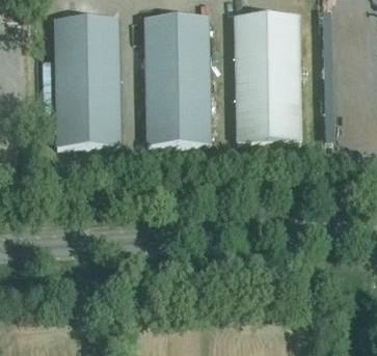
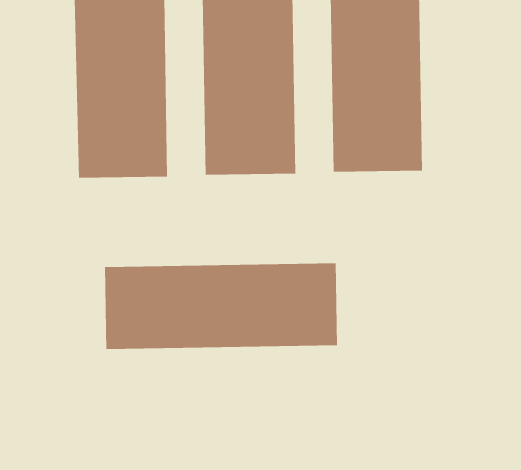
building: none -> [104,263,337,350]

